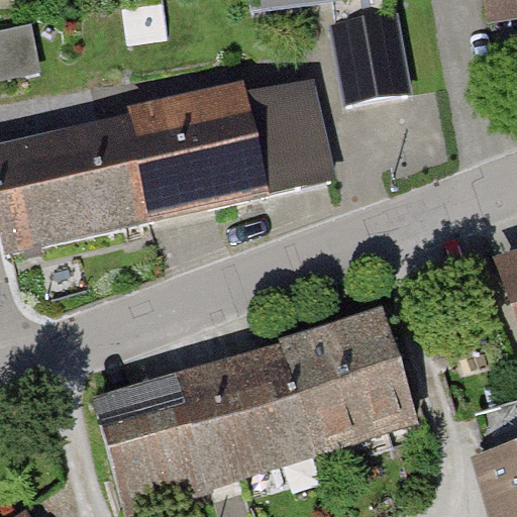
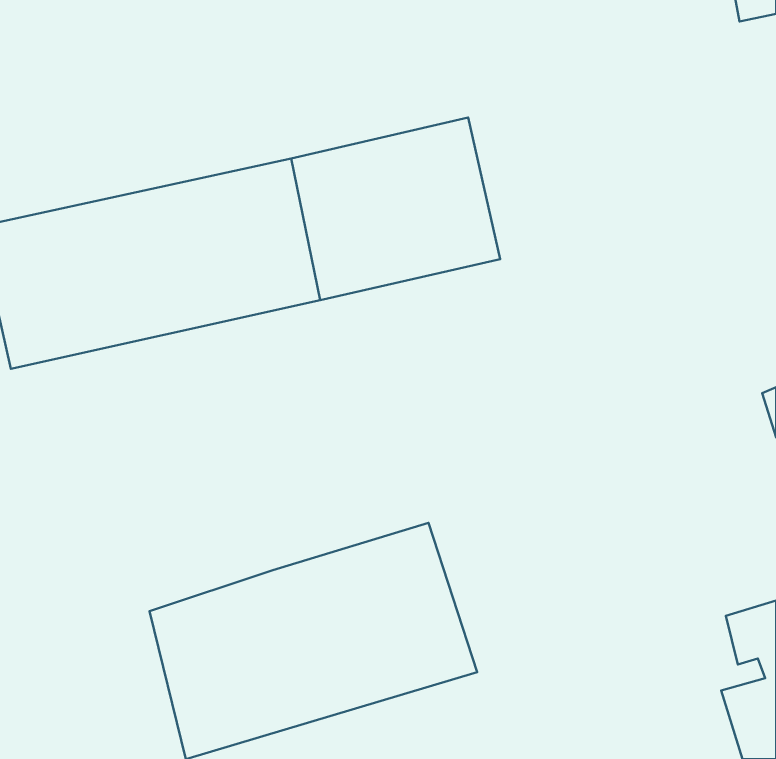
building: [332,10,408,98] -> none
building: [282,308,416,445] -> none

